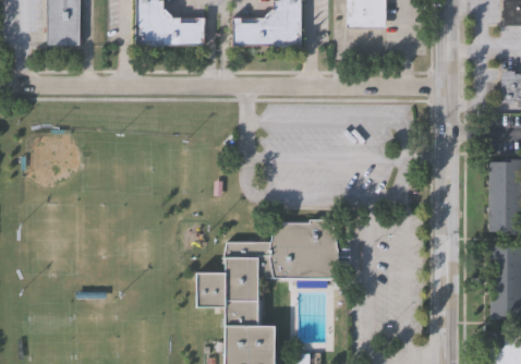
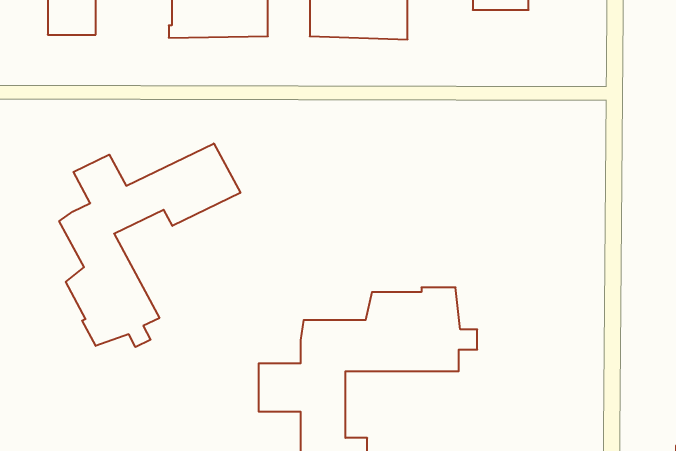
building: none -> [59,143,240,347]

